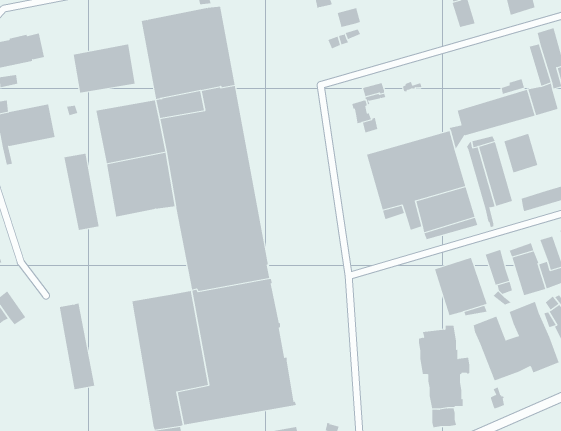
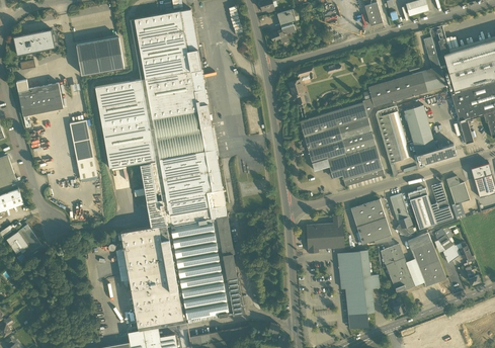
building: none -> [410,128,435,154]
building: none -> [306,214,343,248]
building: [59,303,95,390] -> [139,161,166,227]

